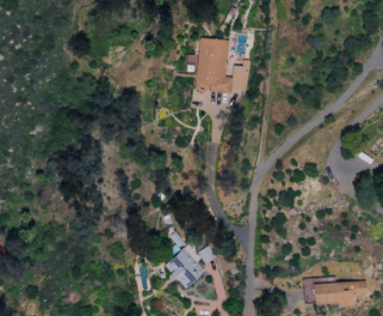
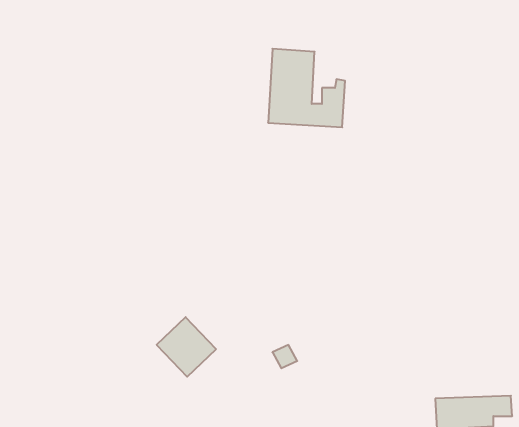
building: [163,247,205,288] -> [157,317,216,377]

